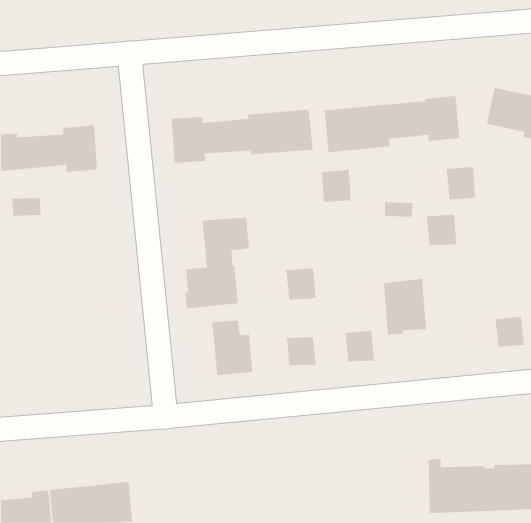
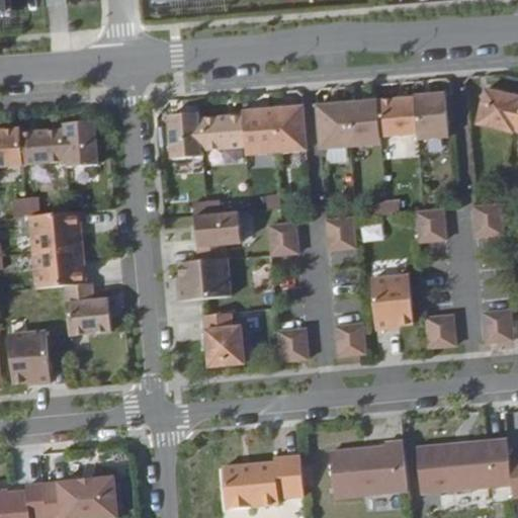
building: [446,167,476,200] -> [471,202,501,235]
building: [321,169,351,202] -> [326,217,355,249]
building: none -> [29,212,109,335]
building: [285,268,316,301] -> [268,223,298,255]
building: none -> [425,314,455,343]
building: none -> [6,331,49,383]
building: none -> [342,447,418,499]
building: none -> [235,456,314,505]

